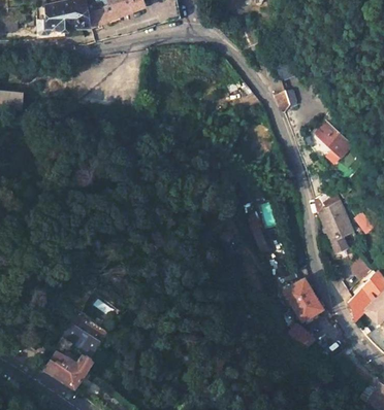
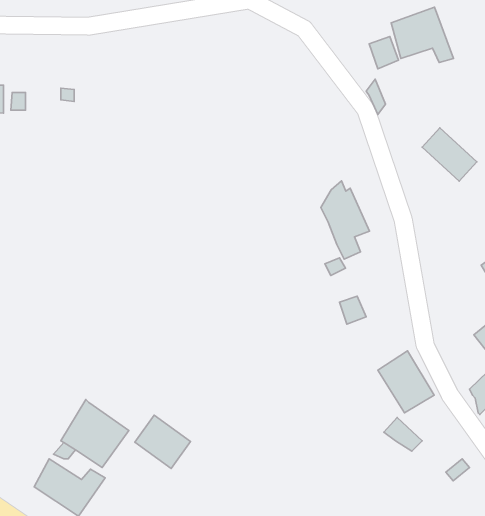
building: none -> [391,7,454,62]
building: [319,197,353,251] -> [321,181,369,259]
building: none -> [135,415,190,468]

